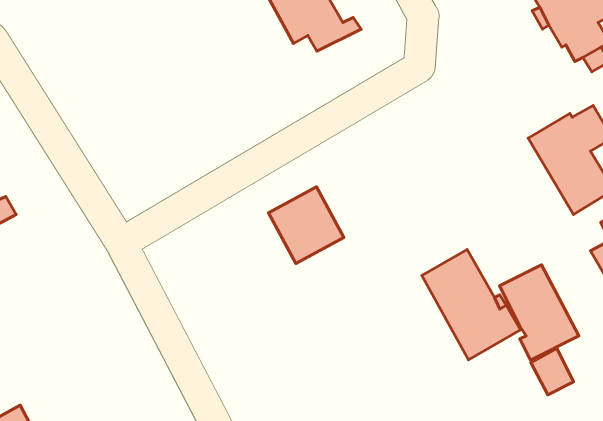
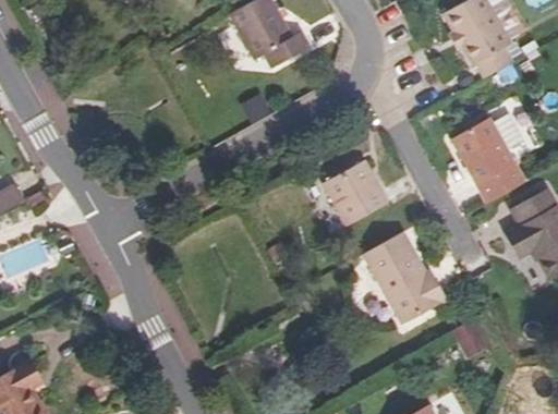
building: [269,187,344,263] -> [323,159,386,223]
building: [499,265,579,360] -> none

